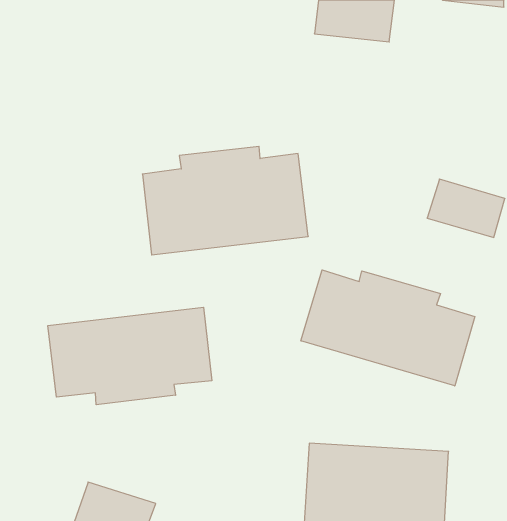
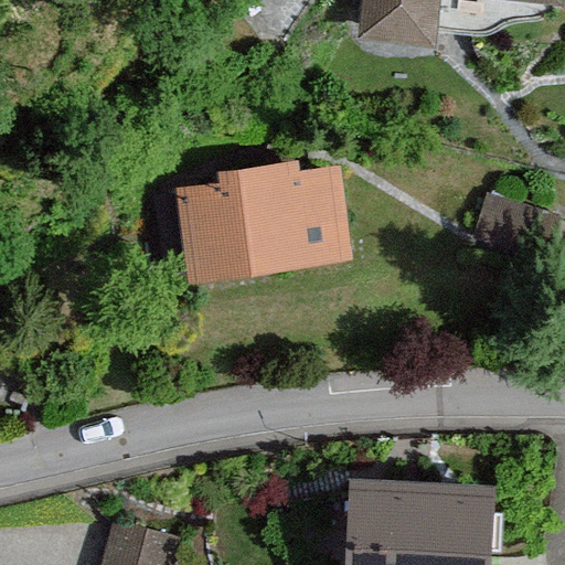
building: [301,270,475,386] -> none
building: [48,307,212,405] -> none

